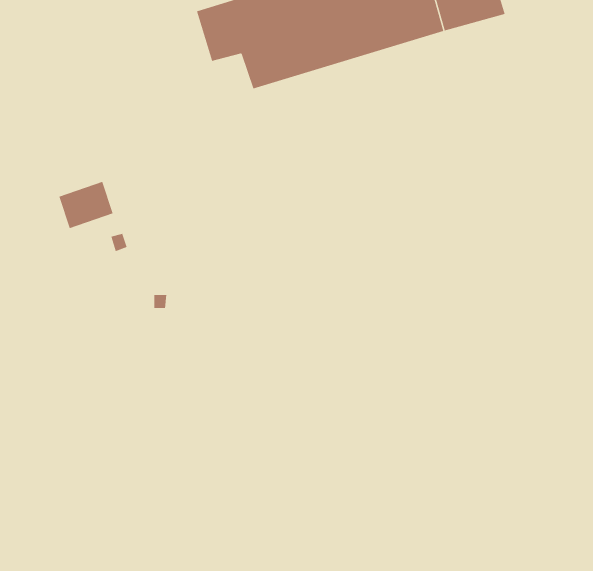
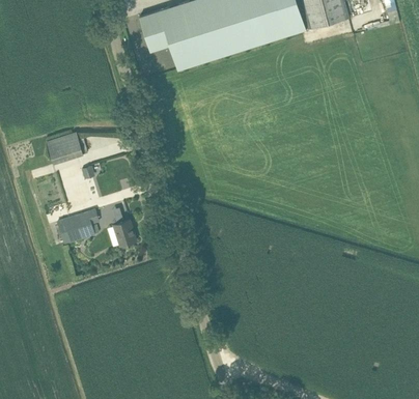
building: none -> [63,209,100,241]
building: none -> [112,220,136,246]

